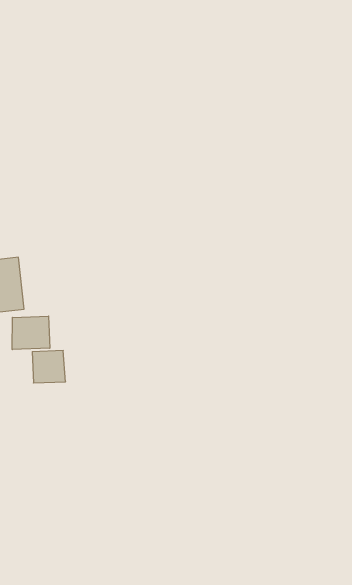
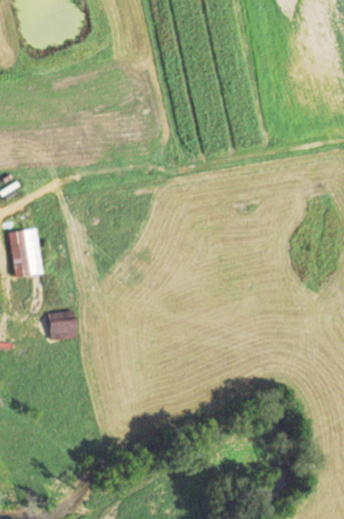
building: [12,316,50,350] -> none

